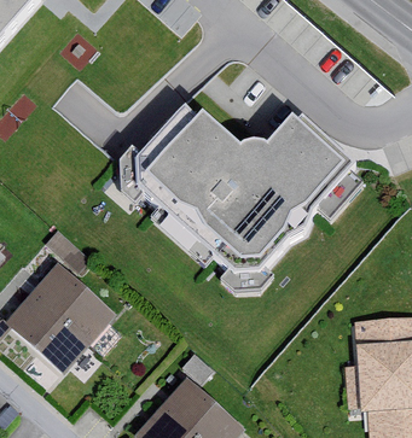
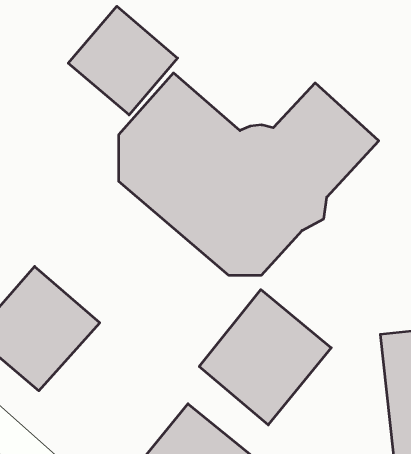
building: none -> [68,6,178,115]
building: none -> [199,290,331,425]

